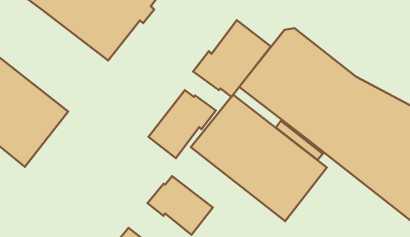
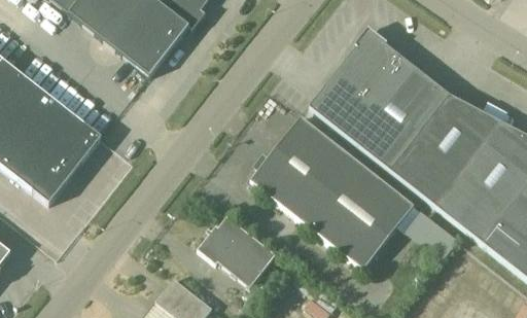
building: [193,20,271,97] -> none
building: [148,90,216,158] -> none

